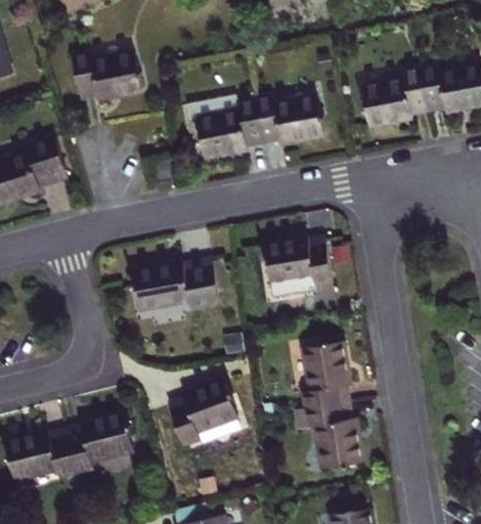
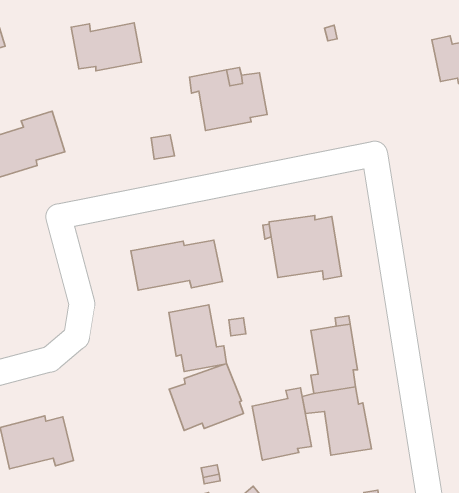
building: [361,72,428,128] -> none
building: [254,98,322,144] -> none
building: none -> [169,305,226,371]
building: none -> [252,388,311,460]
building: [64,414,132,476] -> none

